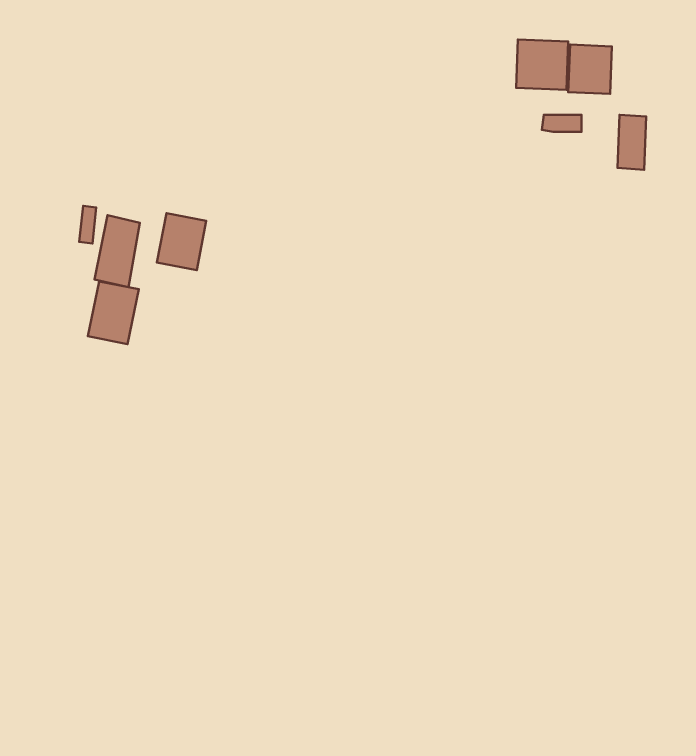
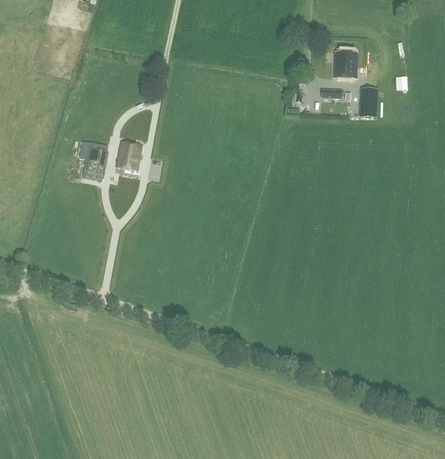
building: [516,39,568,90] -> none
building: [88,281,139,344] -> none

